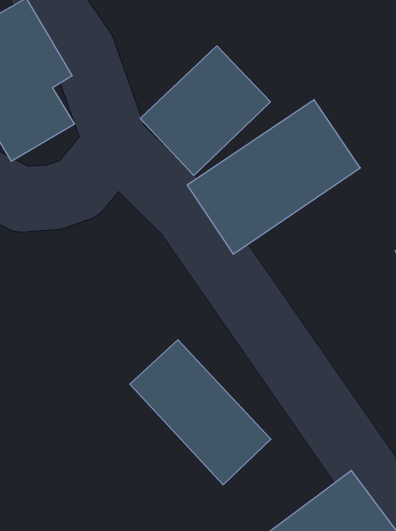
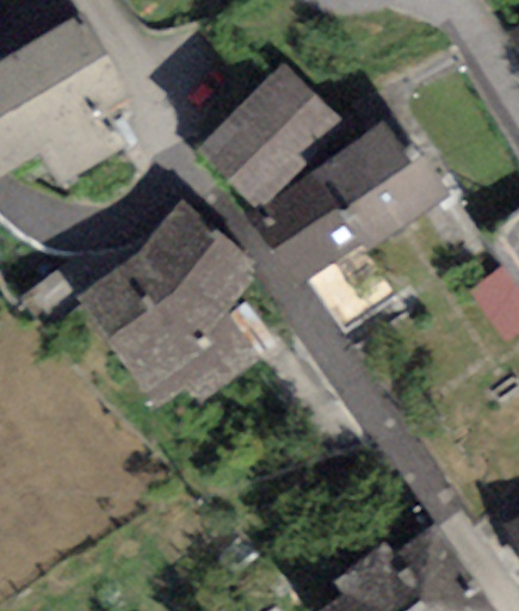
building: none -> [80,203,254,385]
building: [130,340,271,485] -> none

